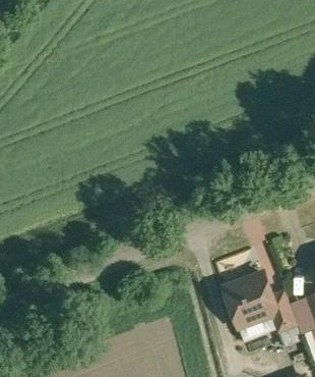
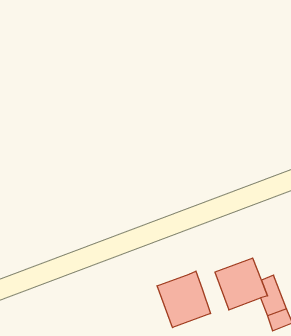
building: none -> [157,271,211,328]

